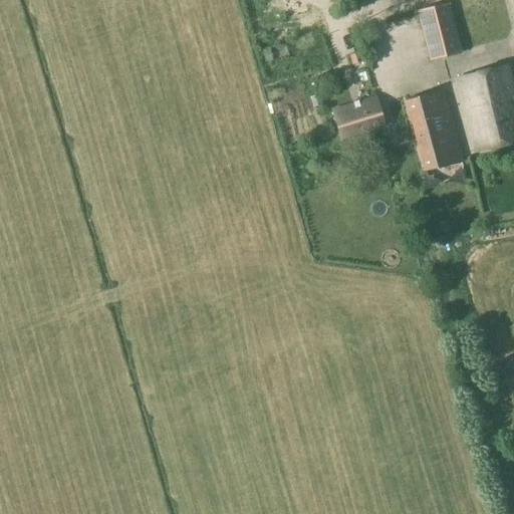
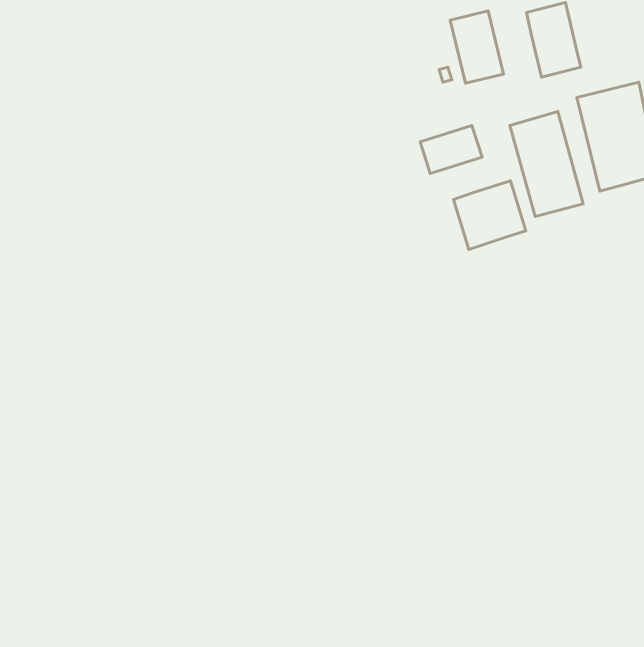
building: none -> [450,11,503,83]
building: none -> [453,181,526,250]

